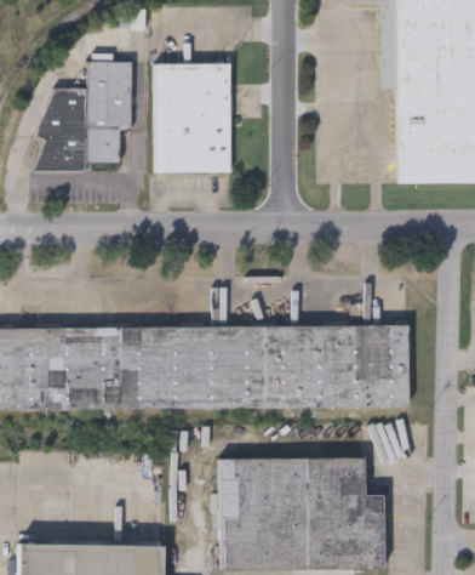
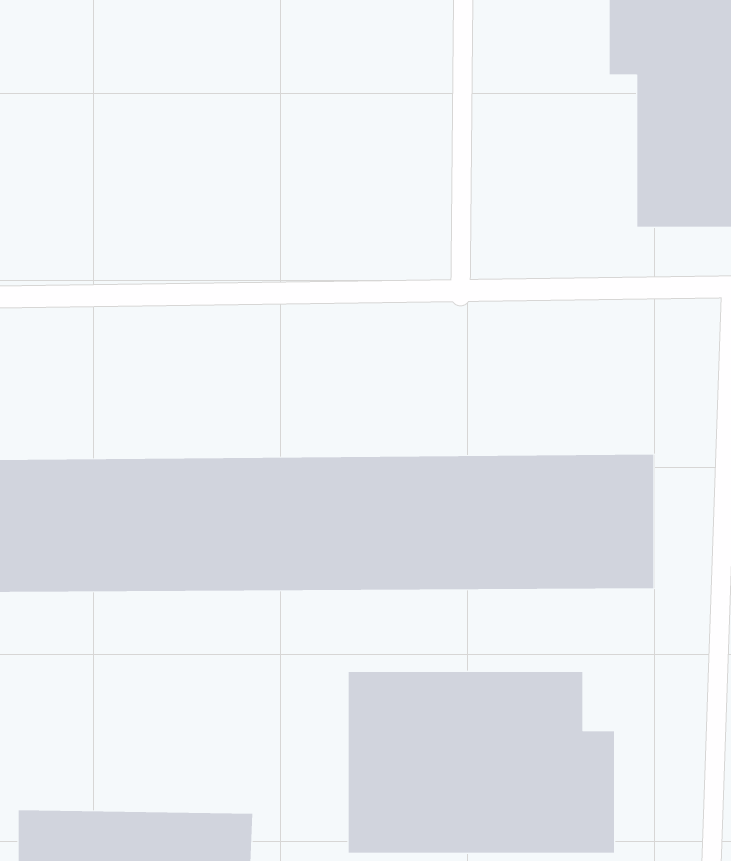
building: [33,63,131,173] -> none
building: [154,64,230,175] -> none

